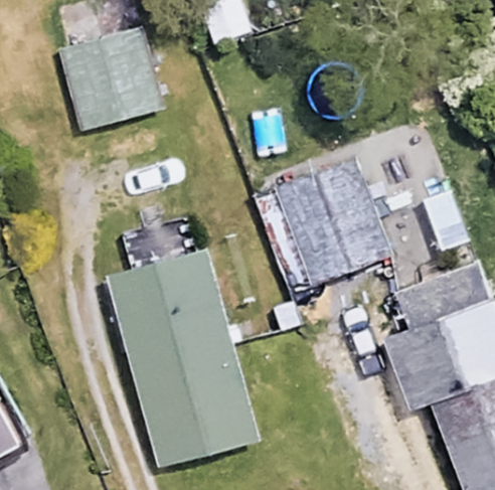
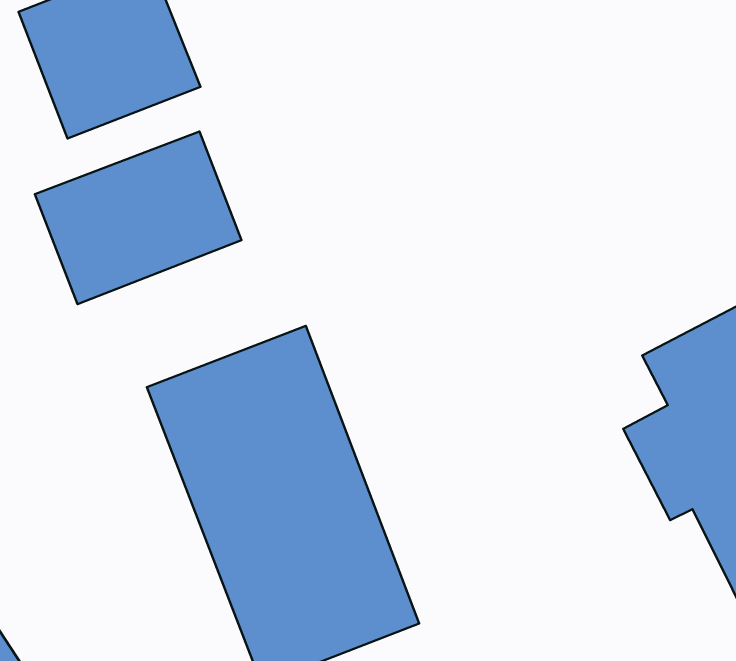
building: none -> [35,131,241,304]
building: [253,159,390,291] -> none

